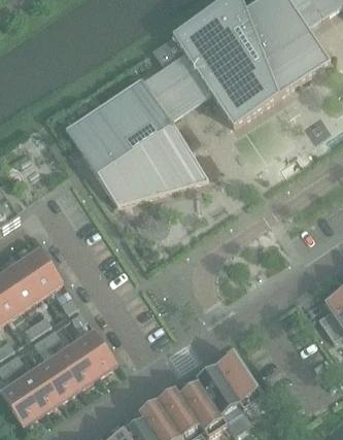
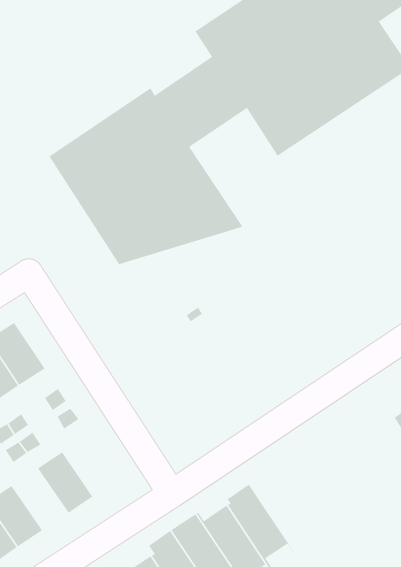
building: [75,329,116,375] -> none
building: [212,352,267,415] -> none
building: [38,354,79,400] -> none

